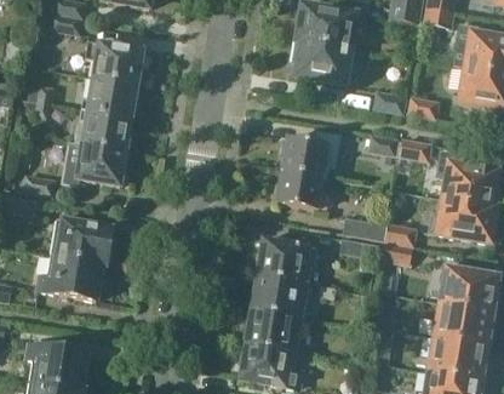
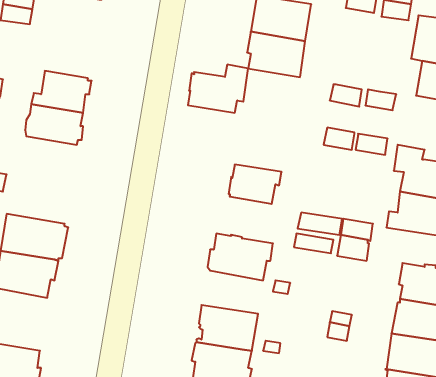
building: [85,40,143,86] -> none
building: [280,131,339,178] -> [188,65,248,113]
building: [63,143,127,185] -> none
building: [247,275,308,318] -> none

